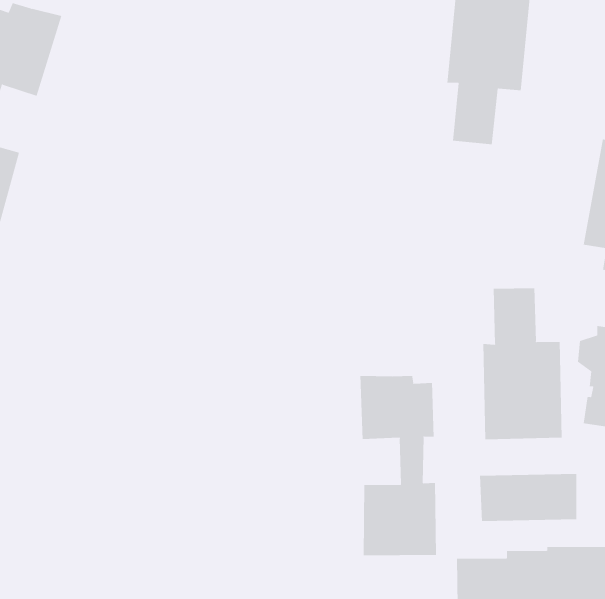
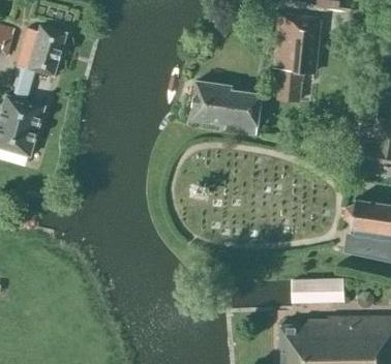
building: none -> [190,81,262,134]
building: [483,287,562,440] -> none
building: [360,375,437,556] -> none

